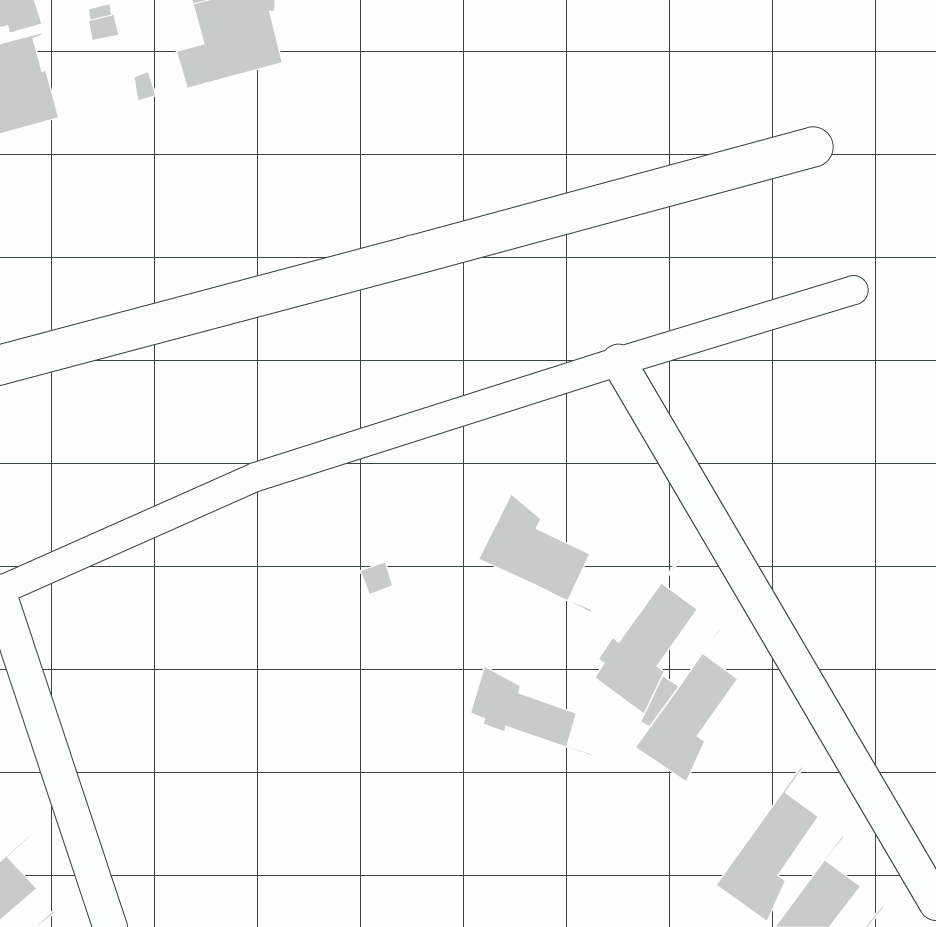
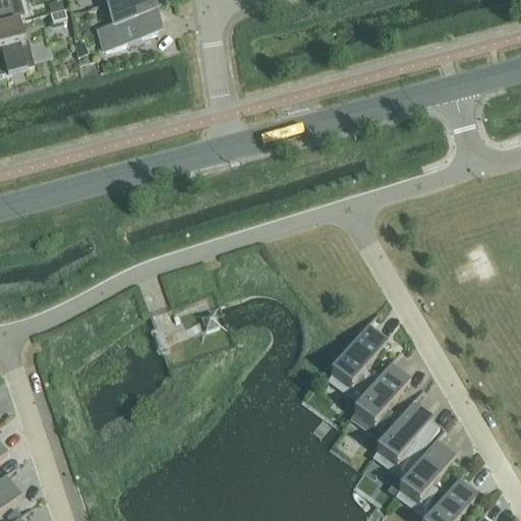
building: [478,494,592,612] -> none
building: [471,666,592,756] -> none
building: none -> [374,387,437,472]

